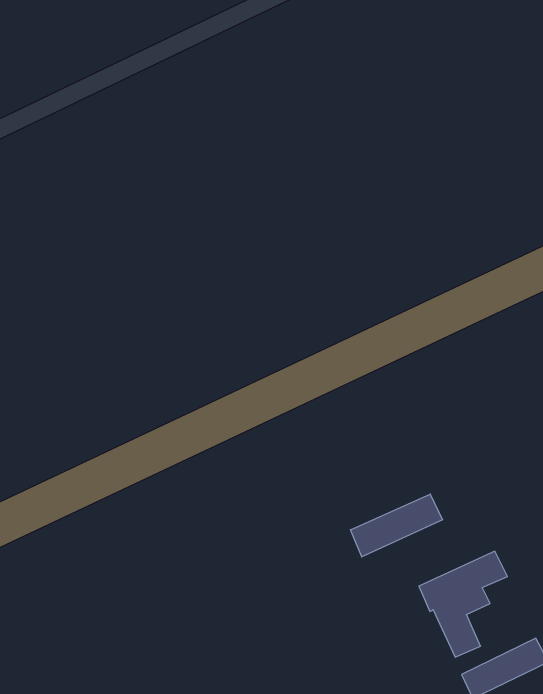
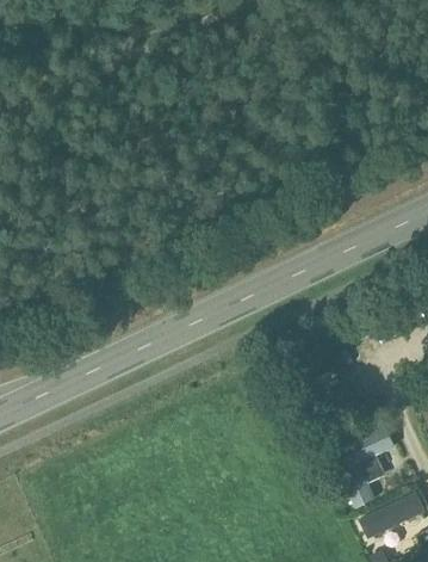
building: [351,494,442,557] -> none

